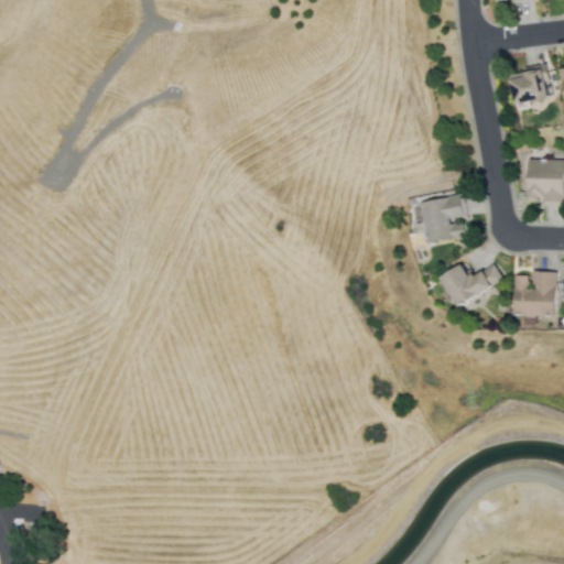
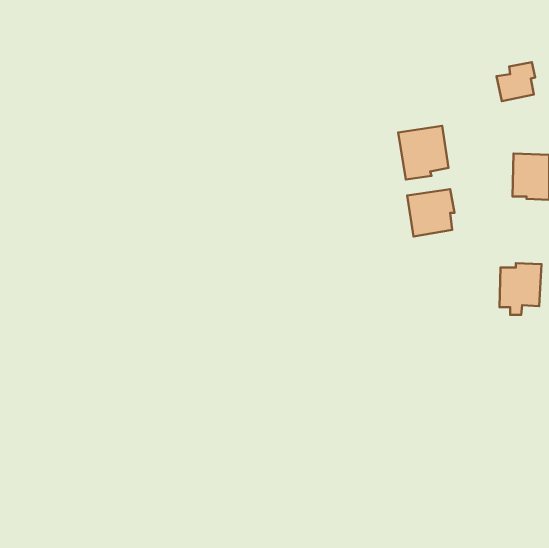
building: none -> [398,126,448,179]
building: [440,263,502,306] -> none

